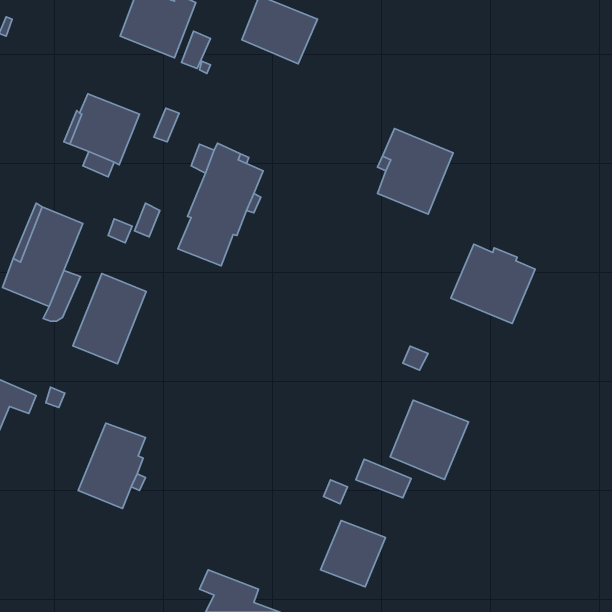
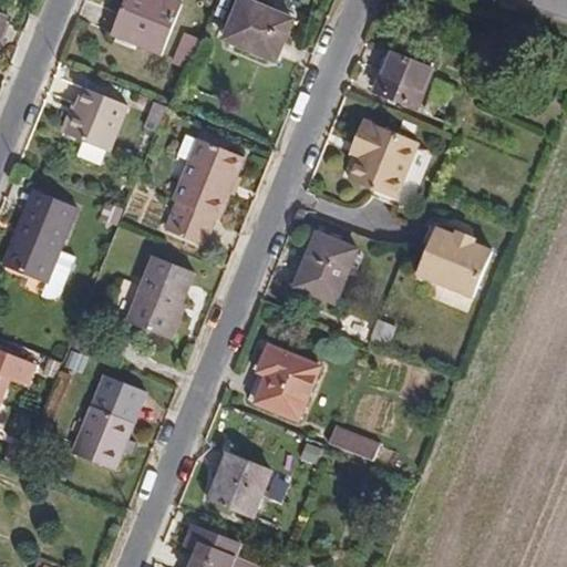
building: none -> [373,51,432,106]
building: none -> [292,230,358,302]
building: [73,274,146,364] -> [126,254,194,337]
building: [390,400,468,480] -> [247,344,319,417]
building: [321,521,386,587] -> [209,453,269,514]

